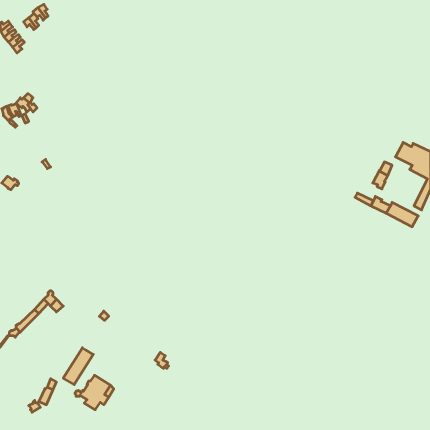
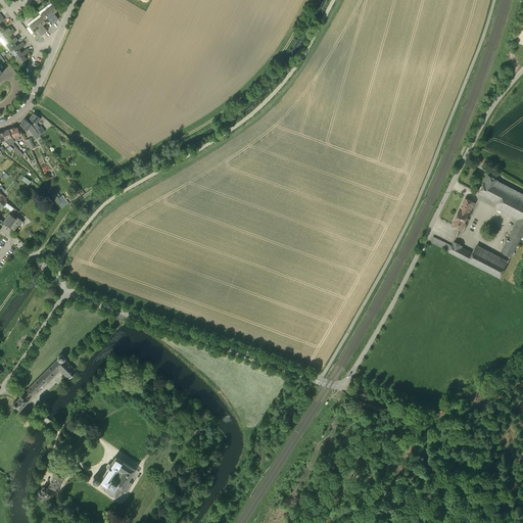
building: [63,348,93,385] -> none

